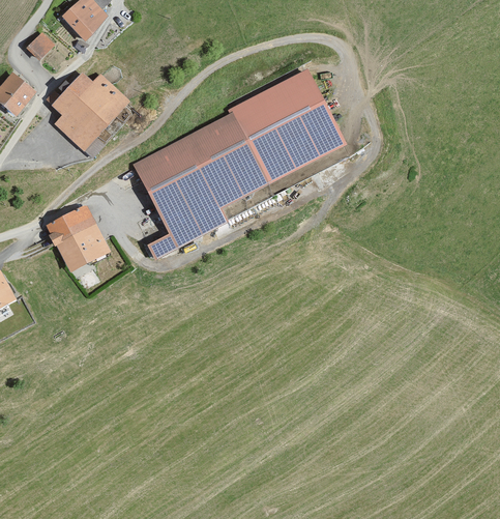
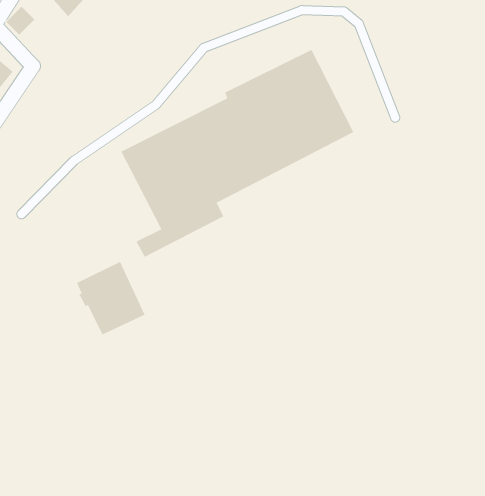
building: [51,71,130,150] -> none
building: [46,205,109,272] -> [76,261,146,335]

